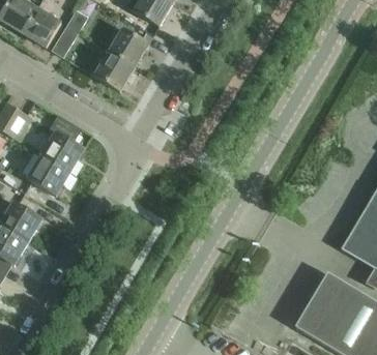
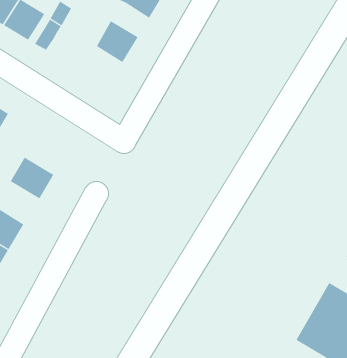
building: [94,53,134,91] -> none
building: [41,132,84,173] -> none

